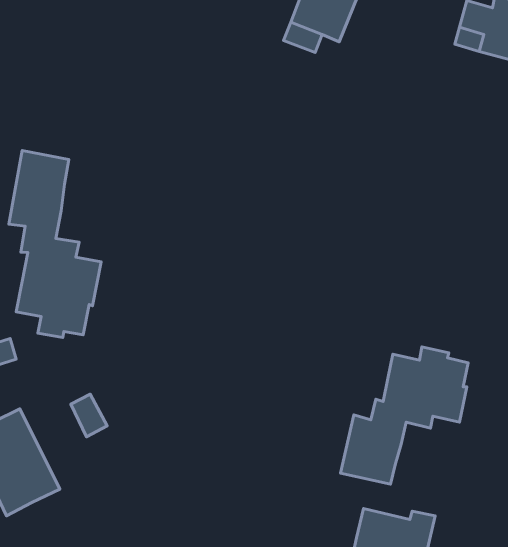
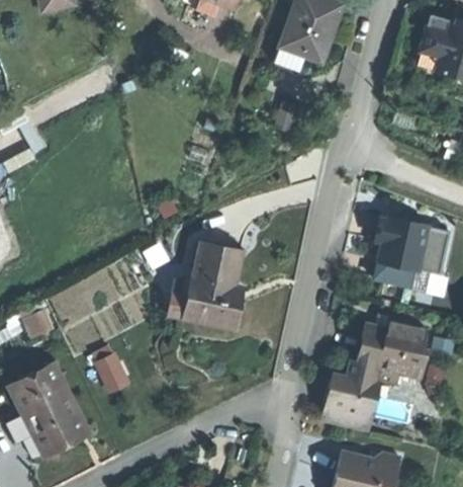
building: [9,151,101,338] -> none
building: none -> [374,217,451,292]
building: none -> [181,237,243,321]

